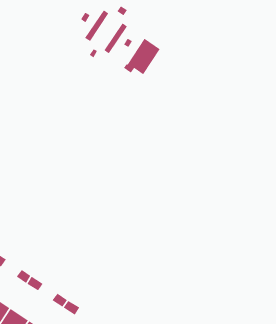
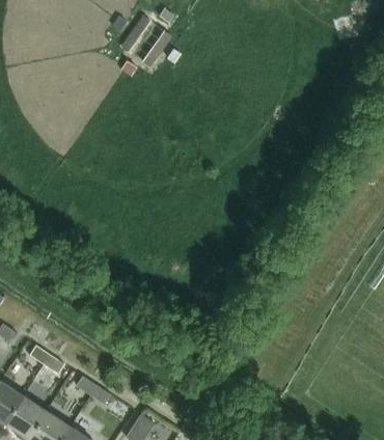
building: [123,38,161,75] -> none

